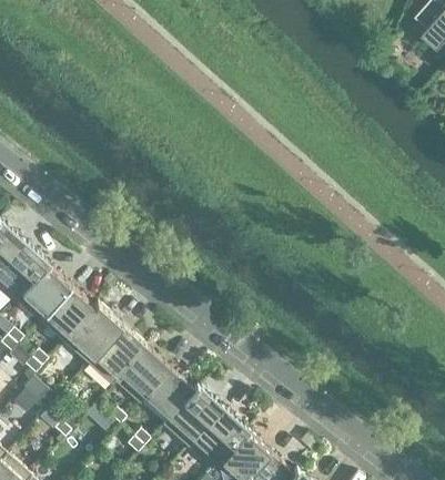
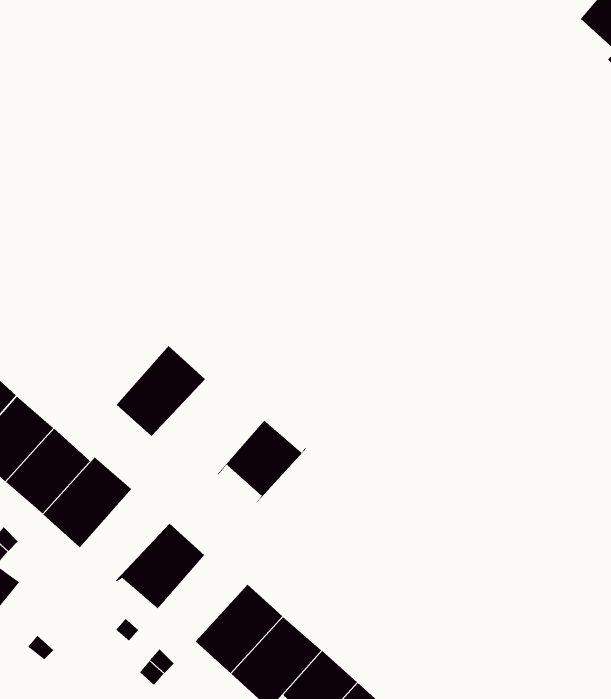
building: [85,324,144,384] -> [116,345,206,437]
building: [136,367,195,423] -> [217,420,307,506]

